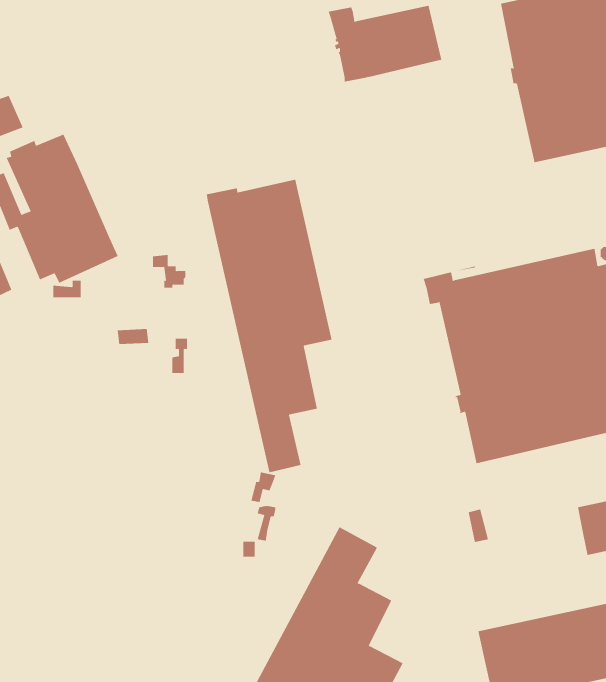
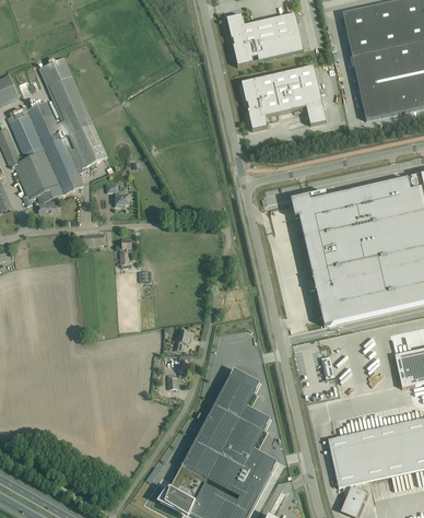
building: none -> [38,56,107,170]
building: none -> [240,64,326,129]
building: [206,179,332,473] -> none

